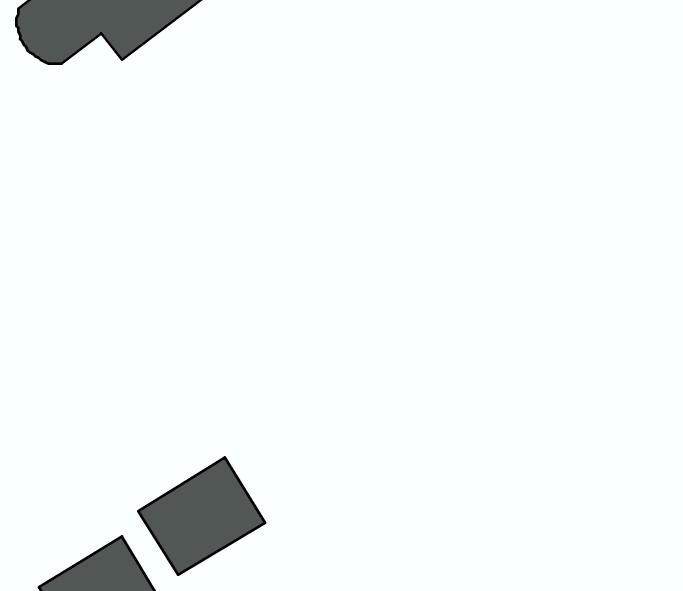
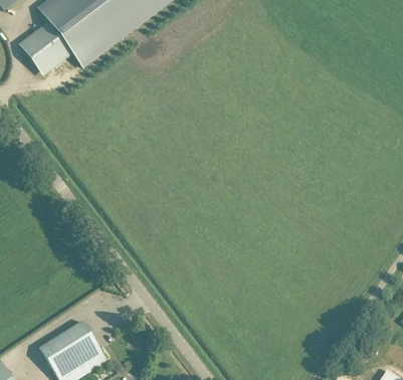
building: [138,457,265,575] -> none

